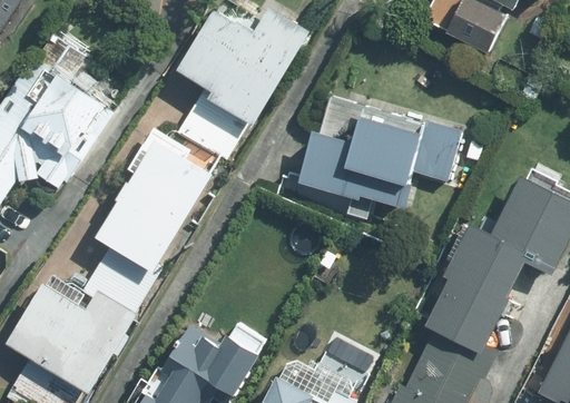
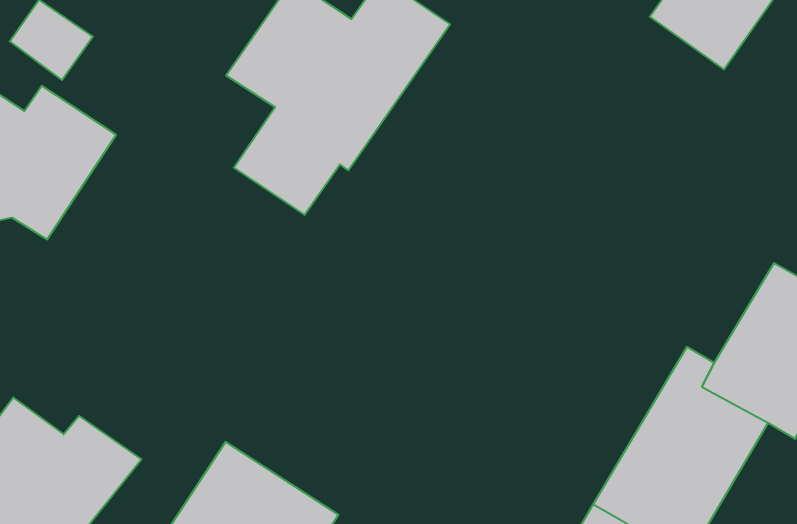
building: [306,104,478,202] -> none
building: [80,129,213,321] -> none

